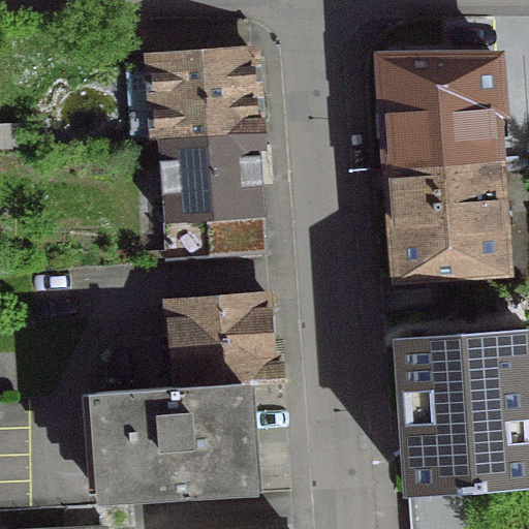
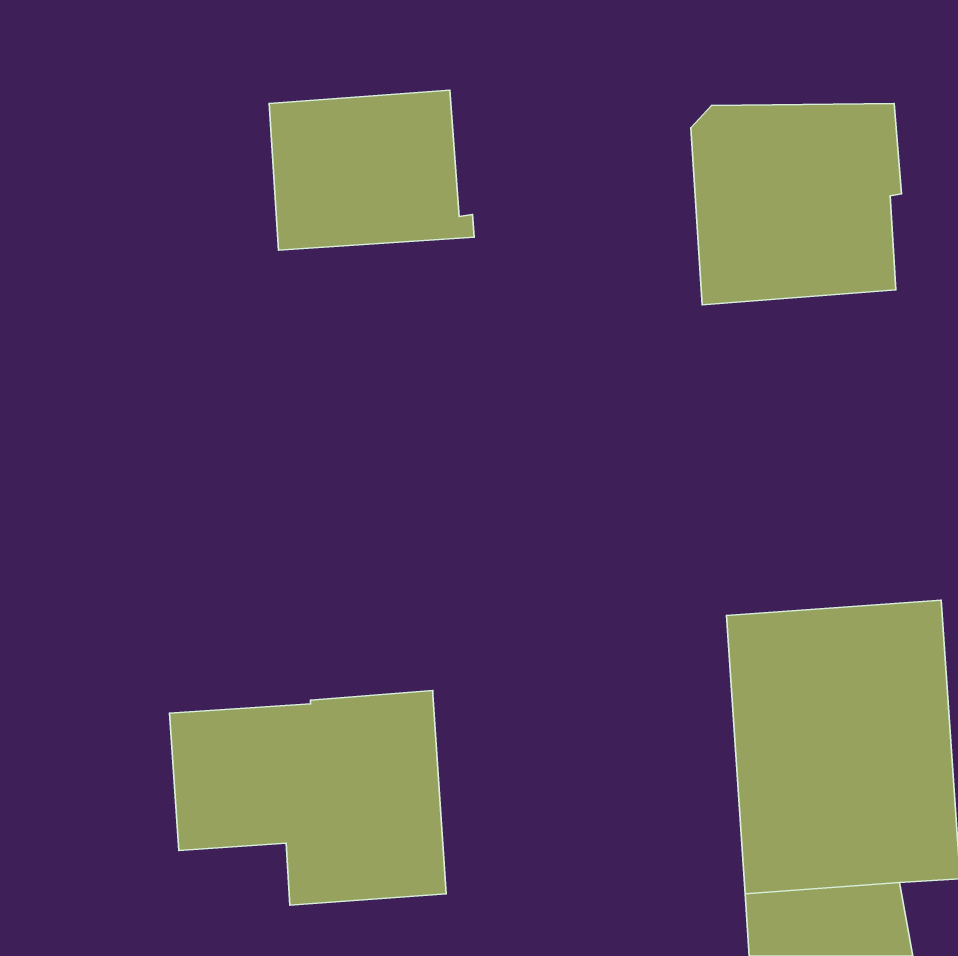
building: [155,130,263,249] -> none
building: [387,159,502,274] -> none
building: [166,295,281,384] -> none

